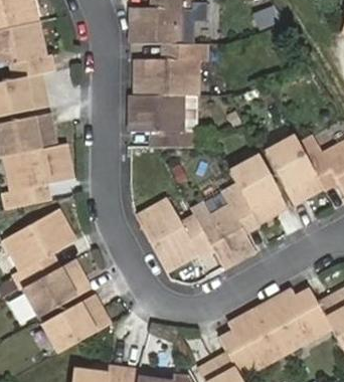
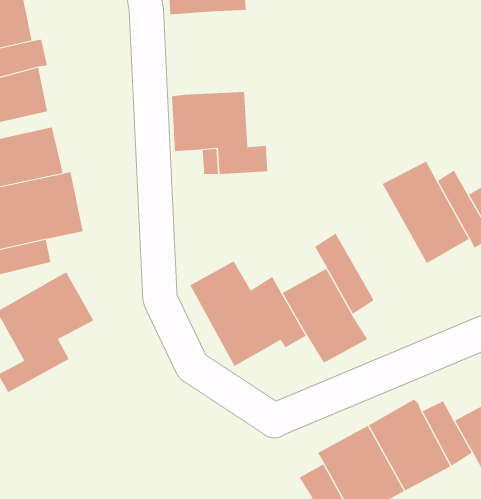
building: [135,35,204,91] -> none
building: [231,155,289,222] -> none
building: [25,257,92,314] -> none
building: [42,293,112,352] -> none

